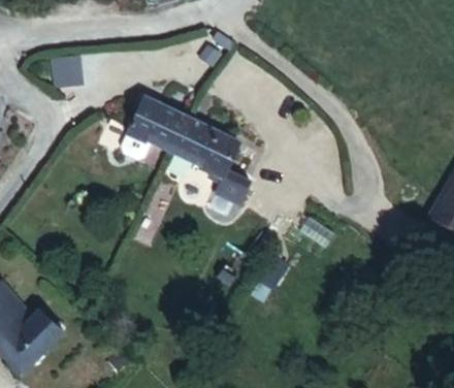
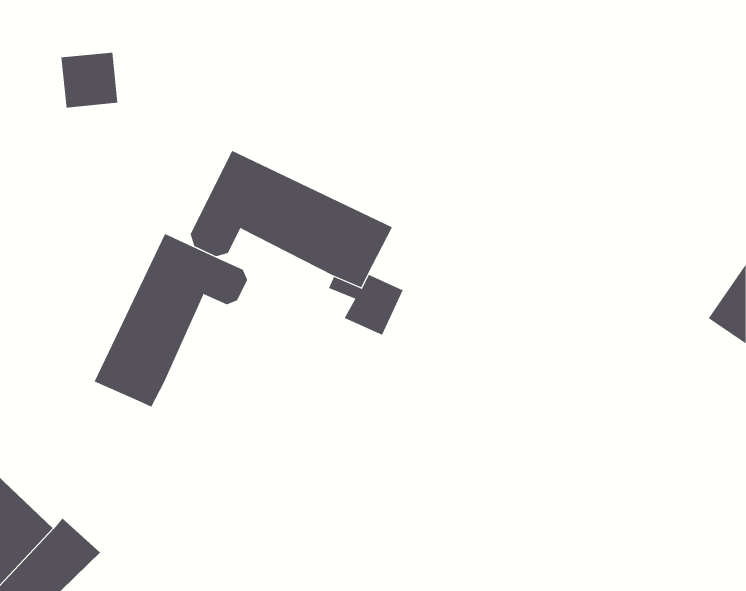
building: none -> [94,233,248,407]

